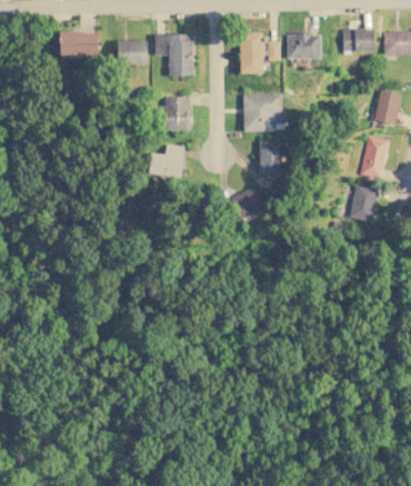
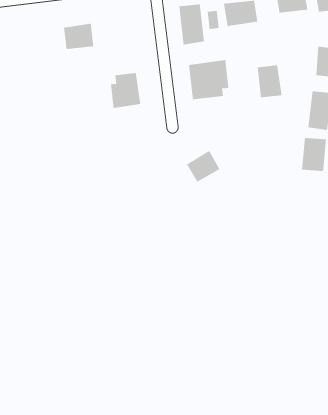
building: [60,31,98,57] -> none
building: [154,33,193,76] -> none
building: [259,141,282,173] -> [257,65,282,98]
building: [154,145,183,176] -> none

